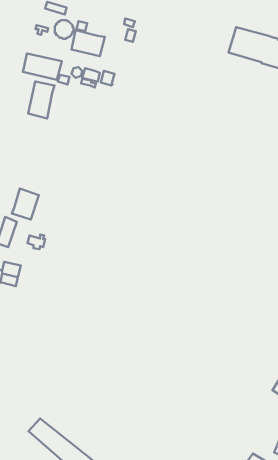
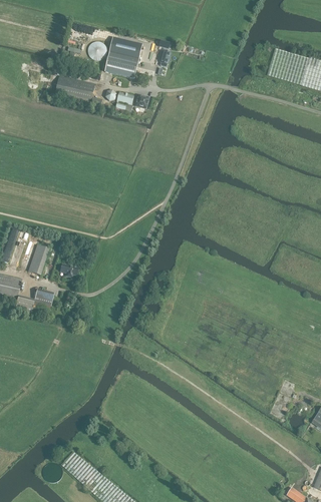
building: [28,82,55,118] -> none
building: [12,188,39,219] -> none

